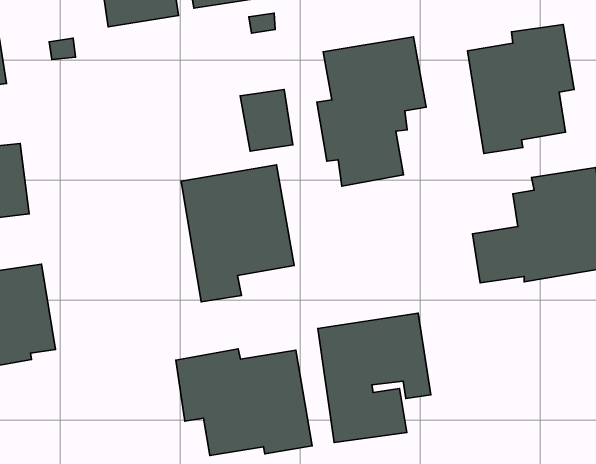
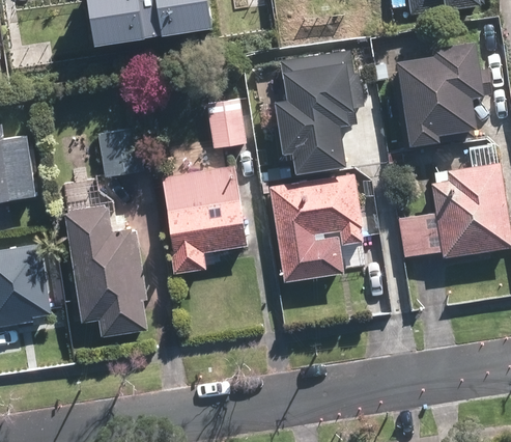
building: none -> [62,132,150,335]
building: [318,313,431,443] -> [268,173,362,280]
building: [176,349,312,456] -> none

